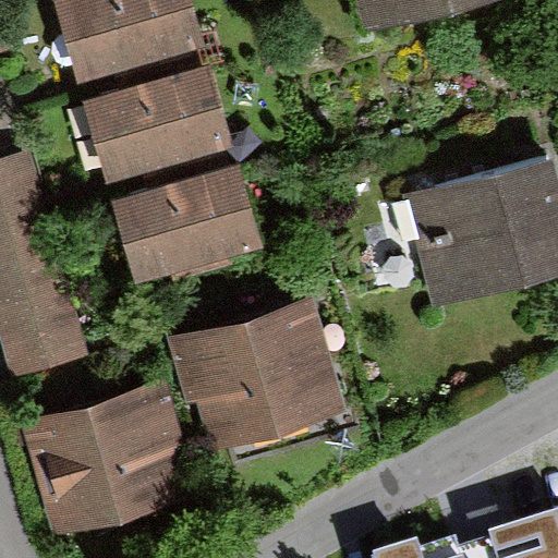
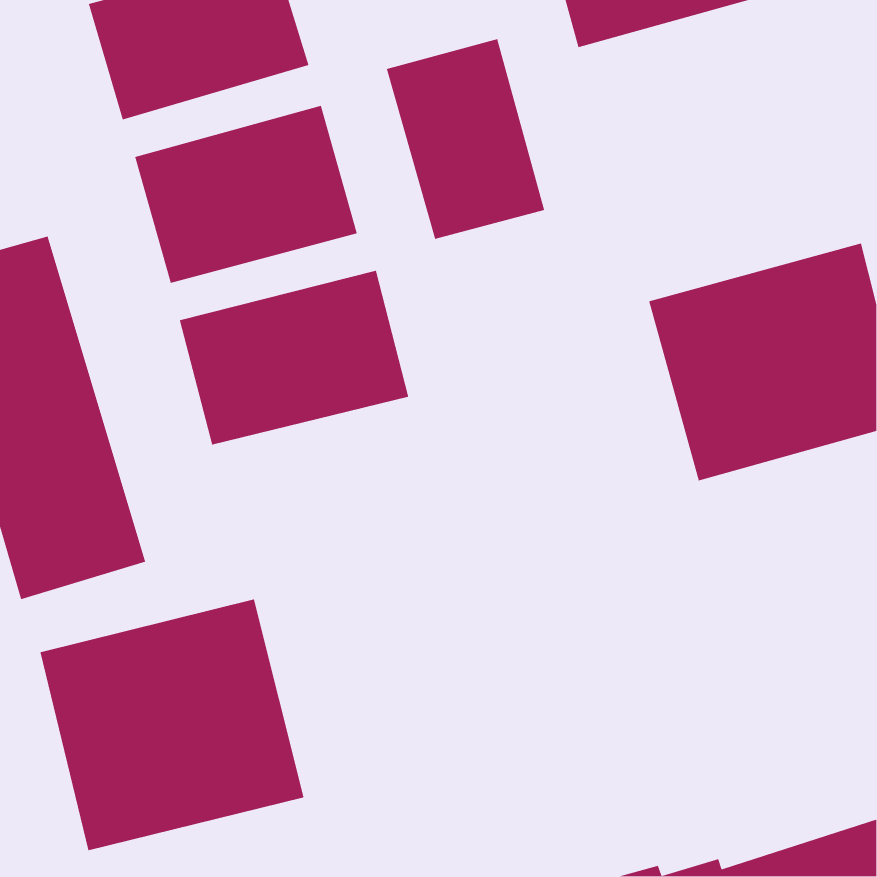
building: none -> [386,38,545,240]
building: [170,303,344,458] -> none

